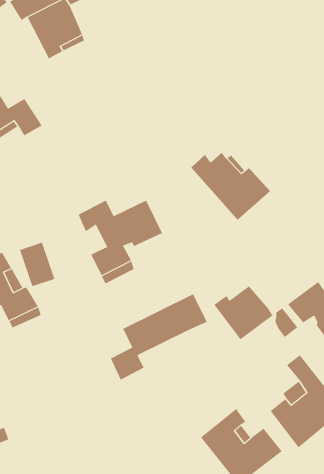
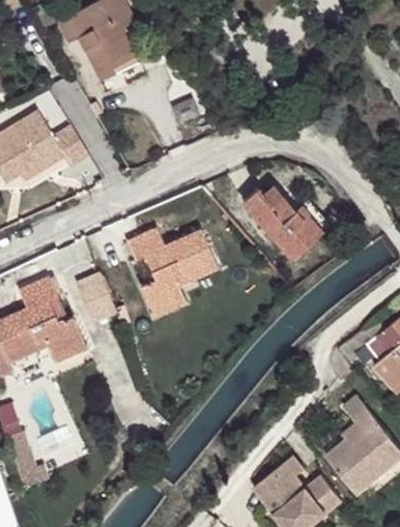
building: [214,285,273,340] -> none
building: [110,293,207,380] -> none

